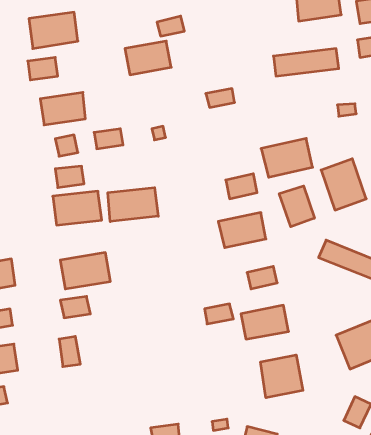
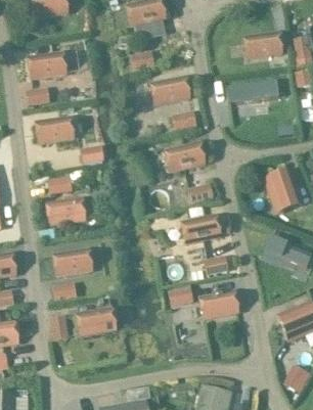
building: [125,41,171,75] -> [151,76,189,103]
building: [261,138,313,177] -> [164,140,206,172]
building: [279,186,314,227] -> none
building: [108,188,158,222] -> none
building: none -> [76,306,117,335]
building: [261,355,303,398] -> none

